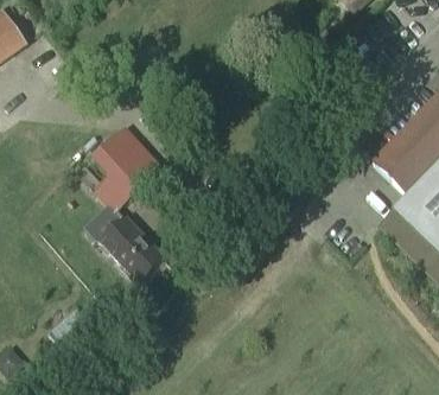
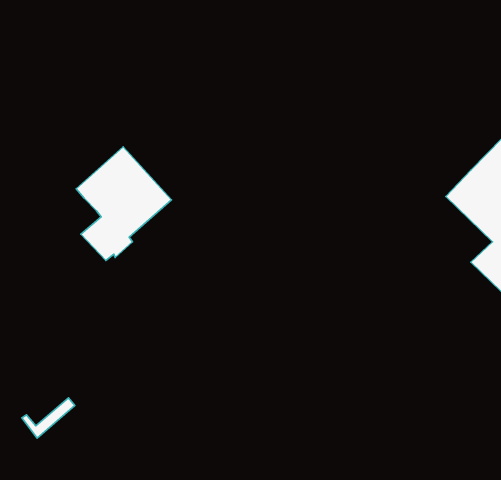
building: [98,215,166,282] -> none

